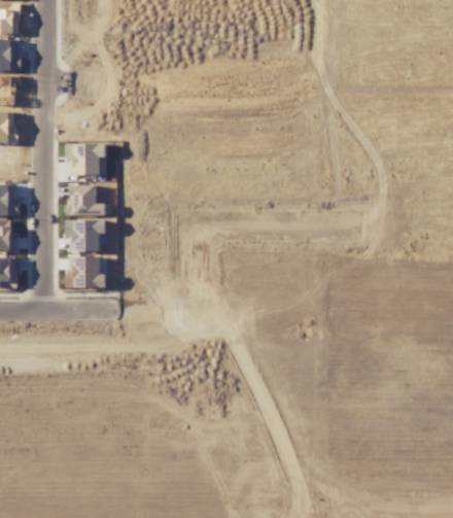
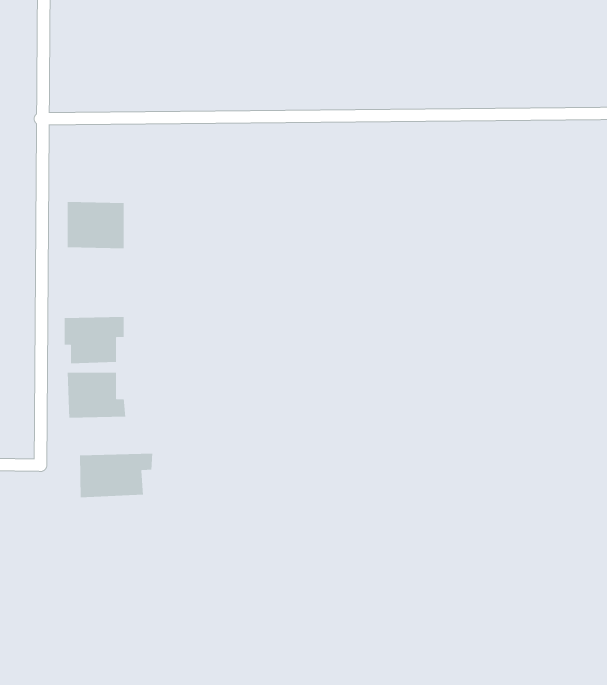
building: [71,183,108,216] -> none
building: none -> [79,453,153,498]

